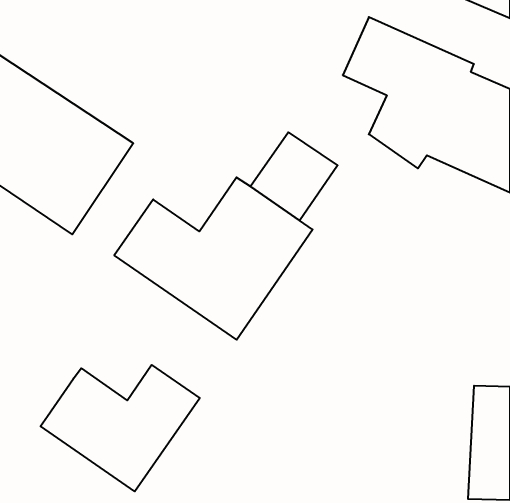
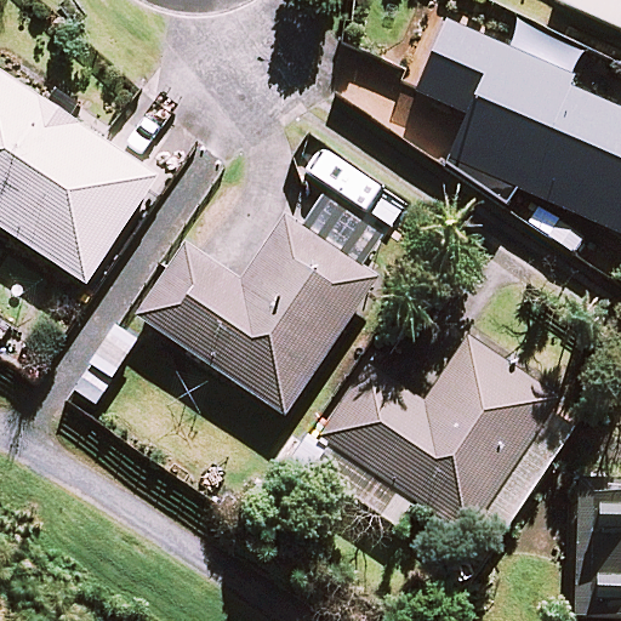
building: none -> [319,334,560,534]
building: [41,365,200,491] -> none

